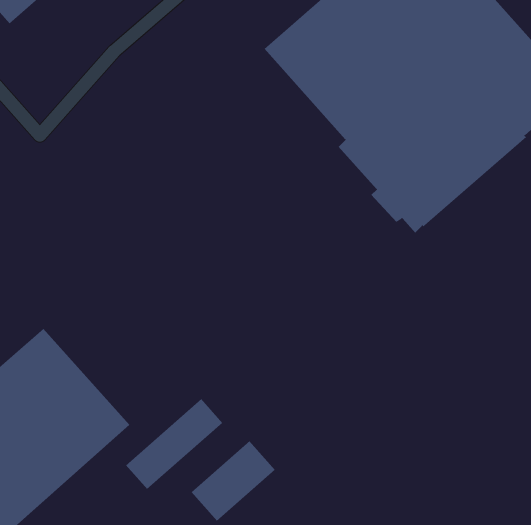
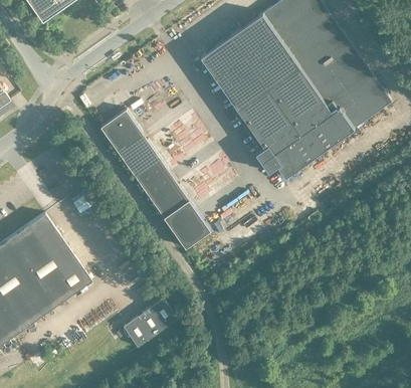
building: none -> [100,110,211,248]
building: [125,398,223,490] -> none

